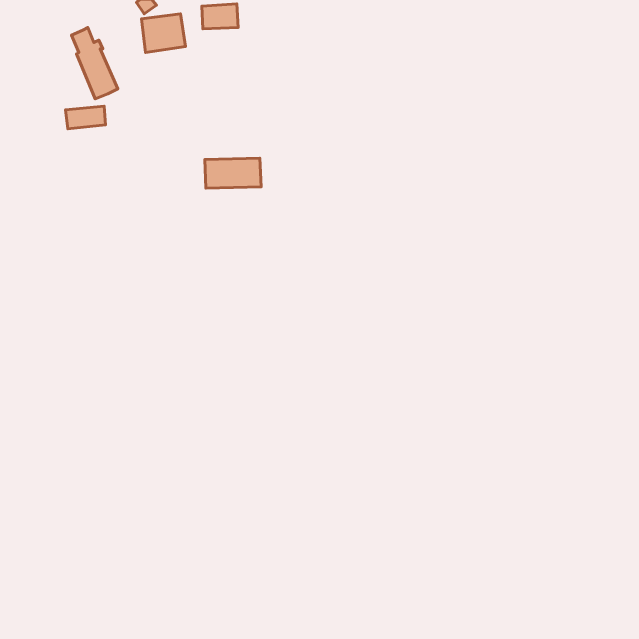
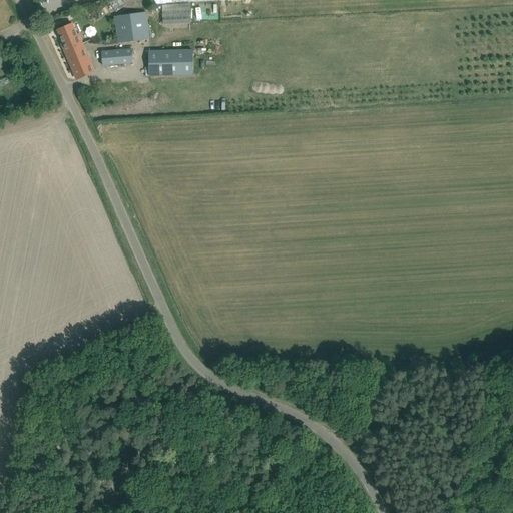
building: [65,106,106,129] -> [100,47,132,65]
building: [205,158,261,188] -> [148,51,193,75]

